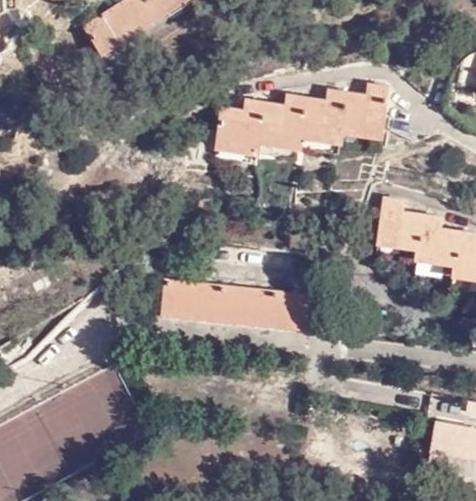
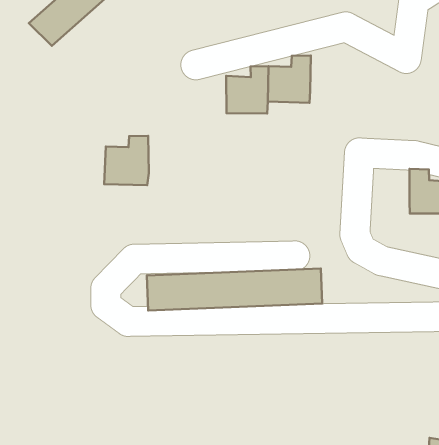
building: [340,90,384,137] -> none
building: [216,104,263,152] -> [104,136,149,185]
building: [380,199,424,246] -> none

